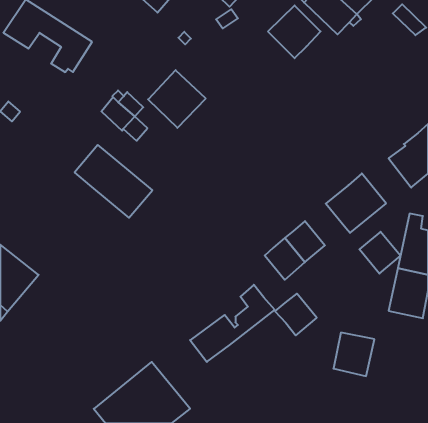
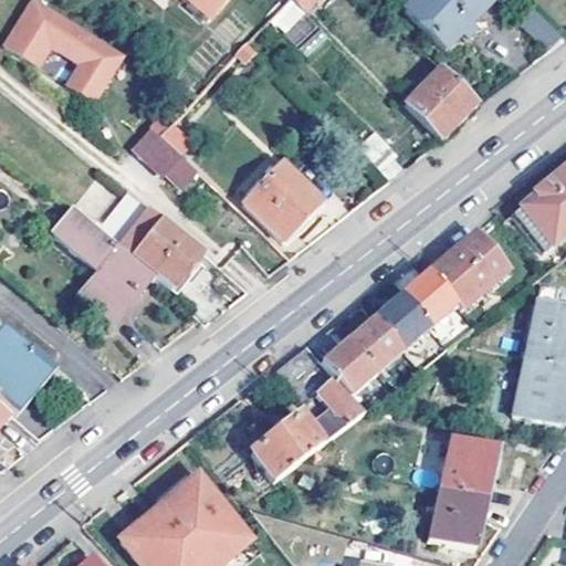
building: [268,5,321,58] -> [406,66,475,136]
building: [148,70,206,128] -> [244,163,321,239]
building: none -> [54,210,149,321]
building: [359,232,400,274] -> [402,269,457,324]
building: [275,294,317,335] -> [321,337,376,392]
building: none -> [429,486,483,545]

